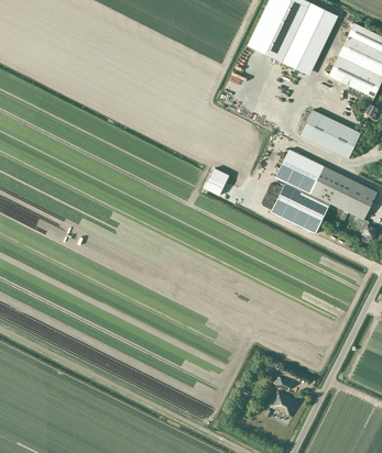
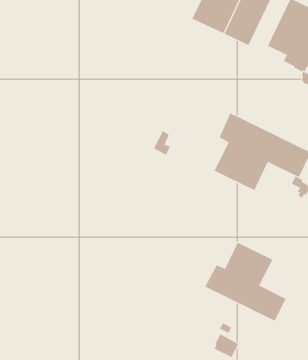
building: [301,109,361,158] -> none
building: none -> [204,242,286,321]

